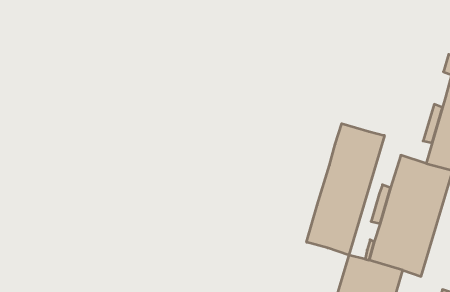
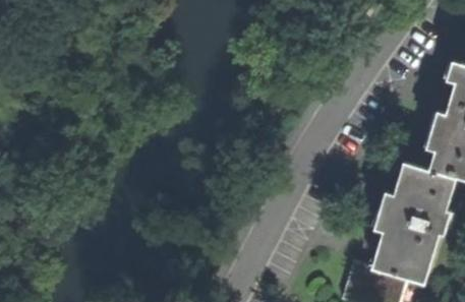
building: [307,124,384,255] -> none

